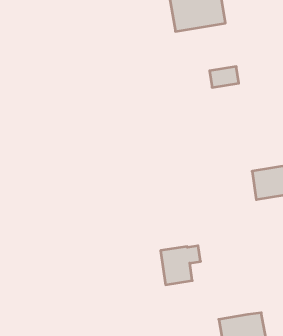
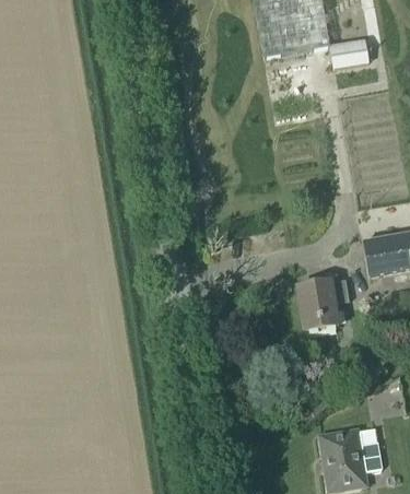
building: [210,67,239,87] -> [329,39,367,67]
building: [161,246,201,285] -> [296,279,349,330]

